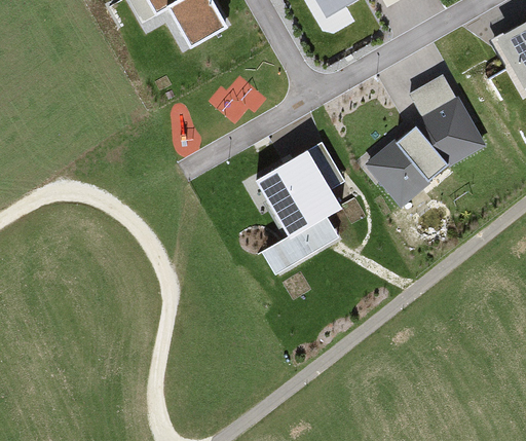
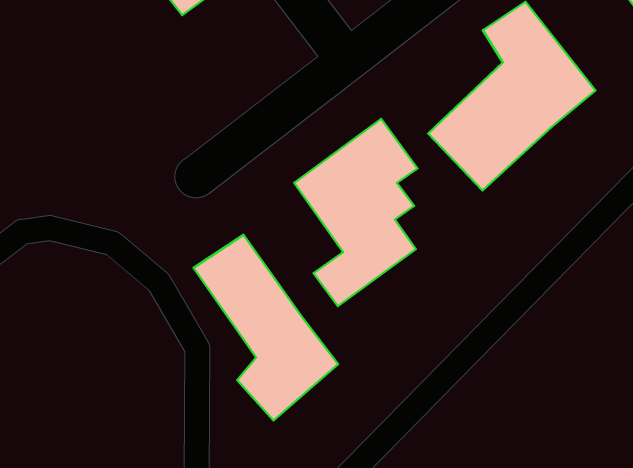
building: none -> [193,235,338,420]

